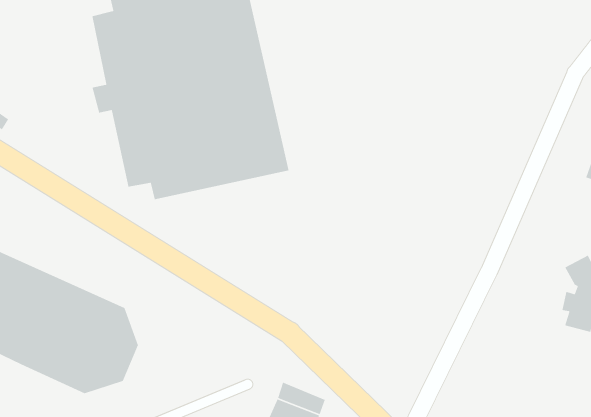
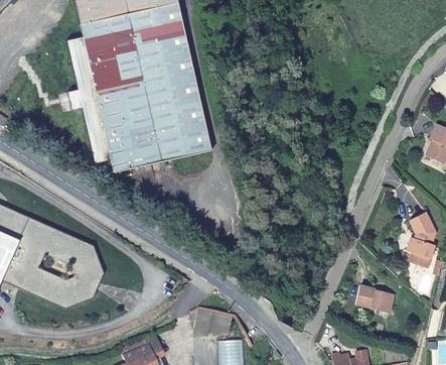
building: none -> [352,284,392,313]

